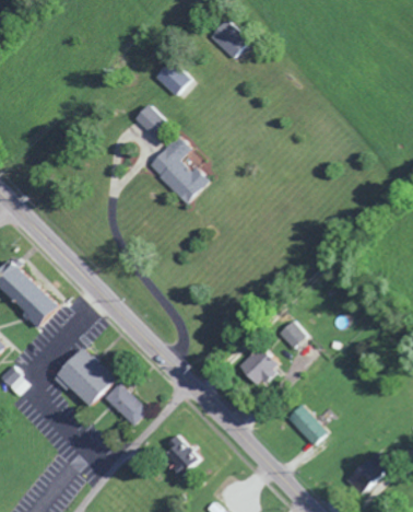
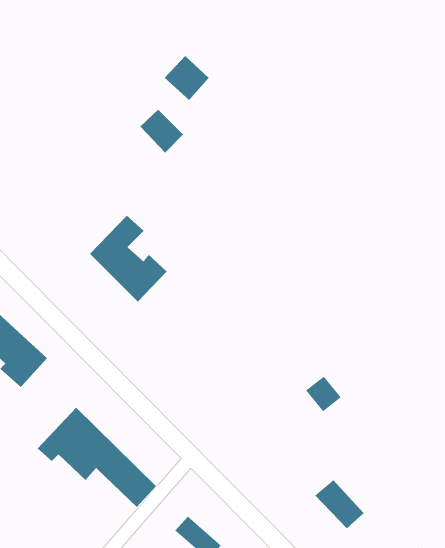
building: [214,24,249,59] -> none
building: [150,135,213,206] -> [89,215,167,302]
building: [232,347,271,387] -> none

